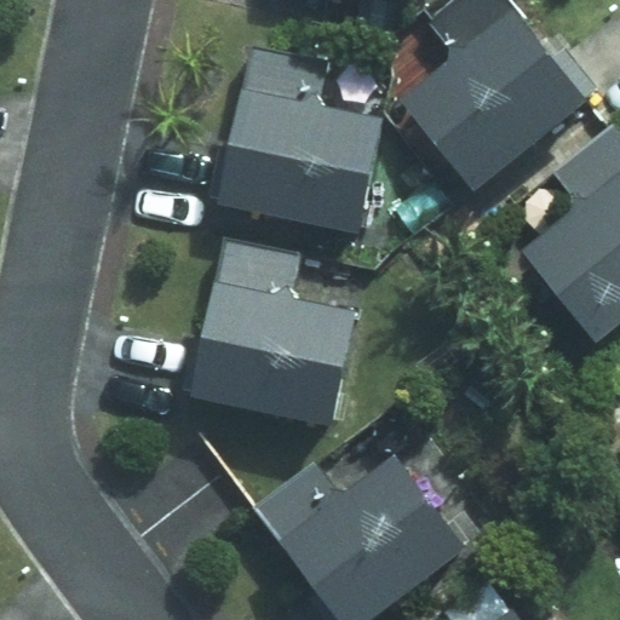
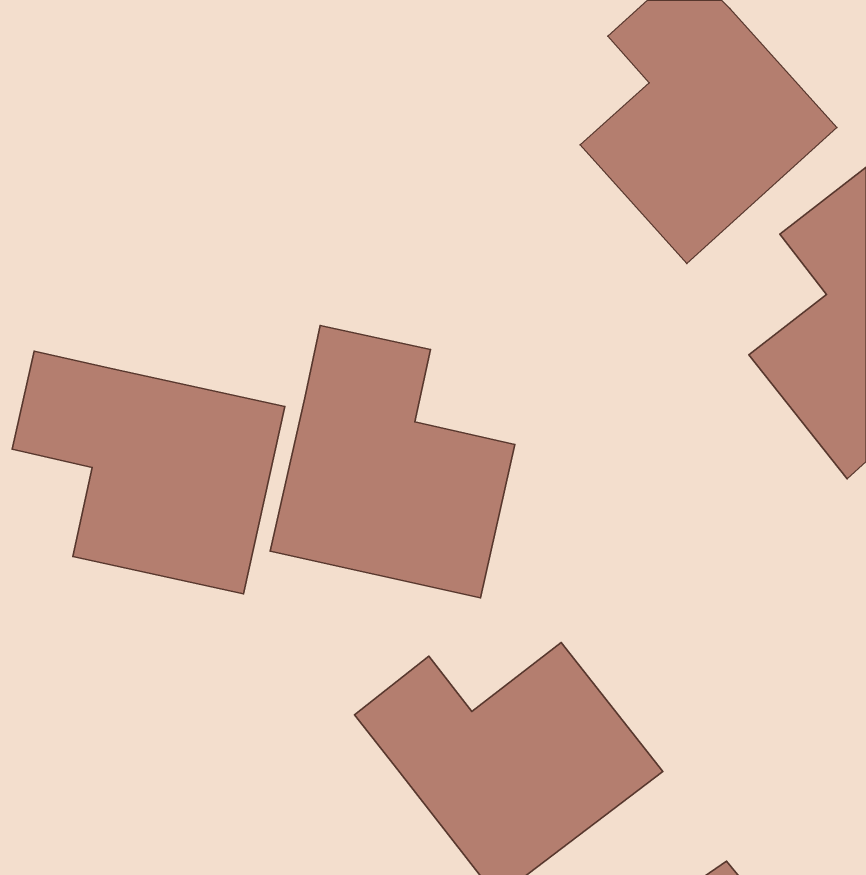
building: [220,48,384,232] -> none
building: none -> [12,351,285,594]

